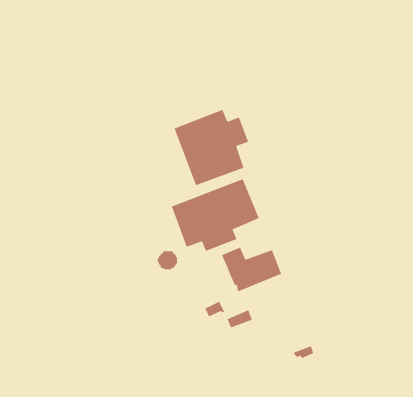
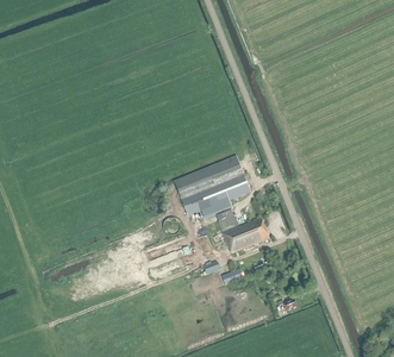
building: [173,109,249,186] -> none

